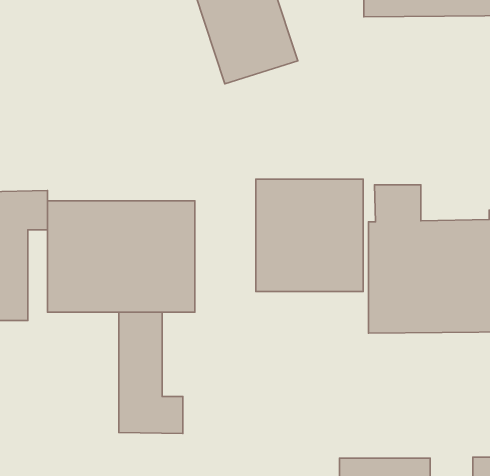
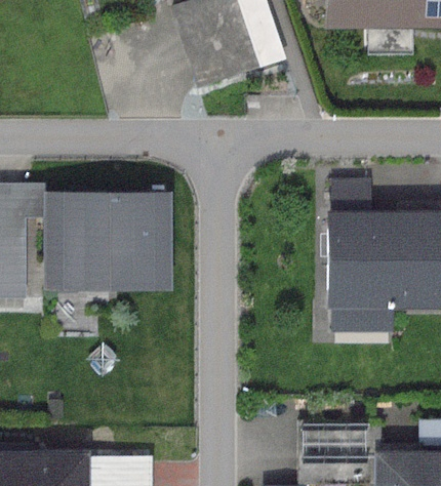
building: [256,179,363,291] -> none
building: [119,312,183,433] -> none

